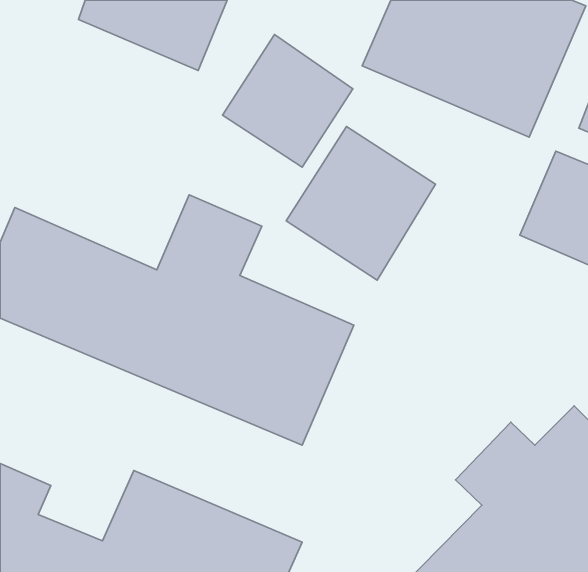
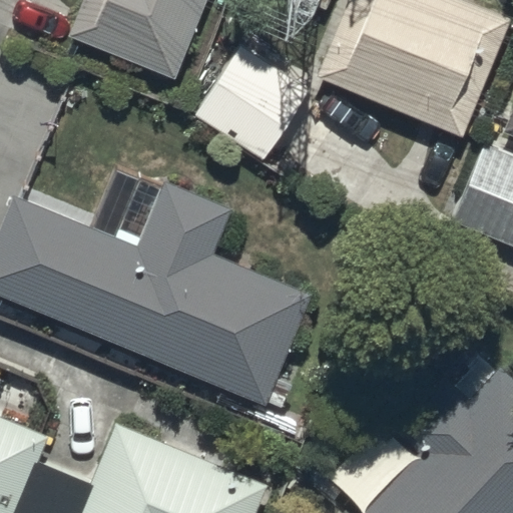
building: [286,127,436,280] -> none

